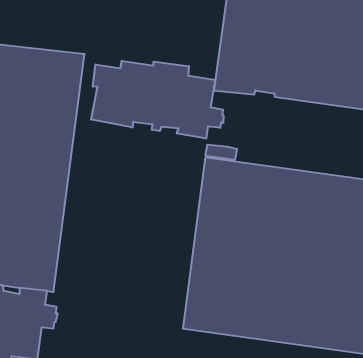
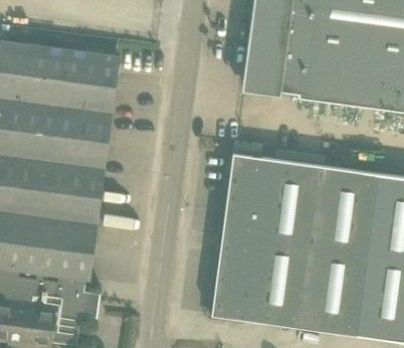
building: [91,61,223,139] -> none

